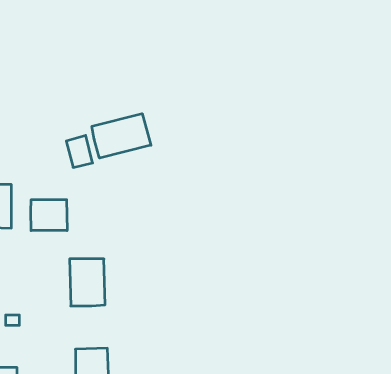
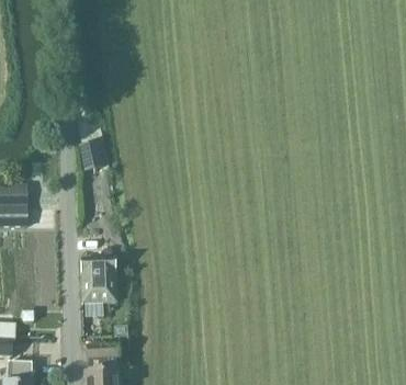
building: [92,114,151,158] -> none
building: [31,200,67,231] -> none

